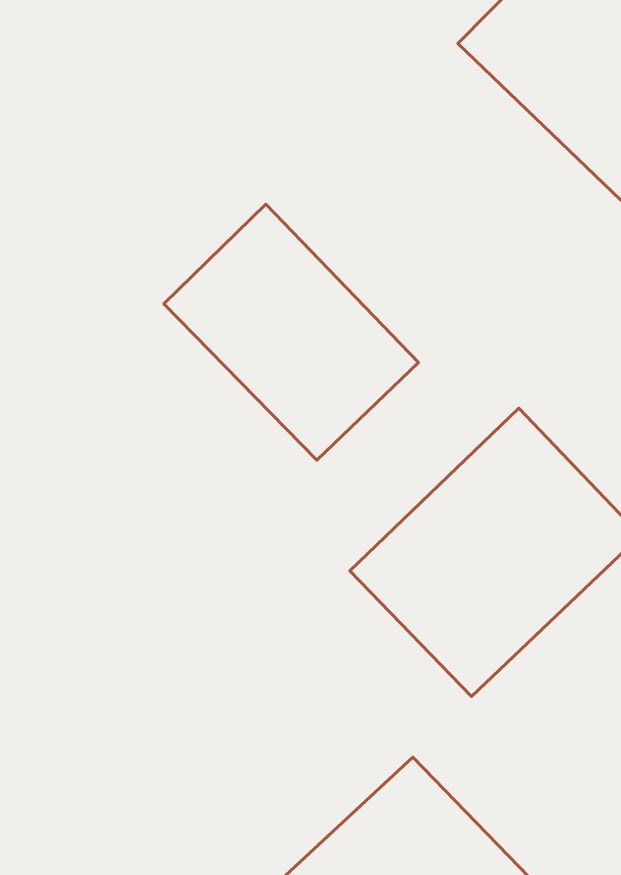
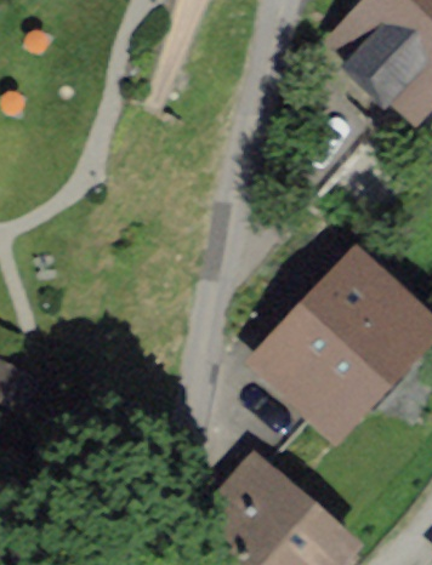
building: [164,204,419,460] -> none

